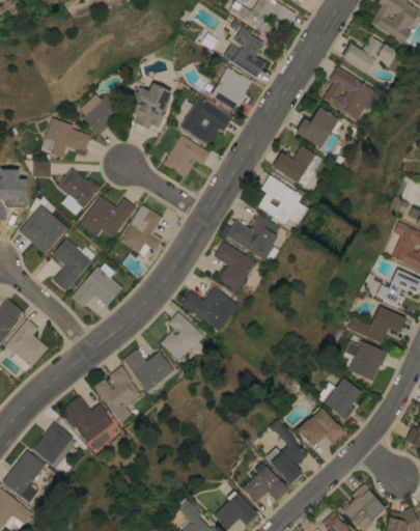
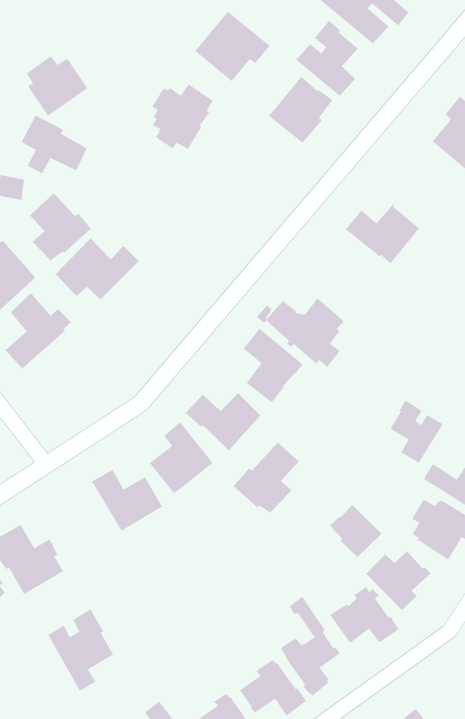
building: [80,94,123,136] -> [26,56,88,116]
building: [180,97,231,145] -> [195,11,270,82]
building: [296,107,339,148] -> none
building: [163,135,211,177] -> none
building: [258,175,309,225] -> none
building: [121,205,163,258] -> none
building: [72,263,122,307] -> none
building: none -> [390,400,444,463]
building: none -> [233,442,299,514]
building: none -> [329,504,382,558]
building: [94,366,141,423] -> [47,609,114,691]

